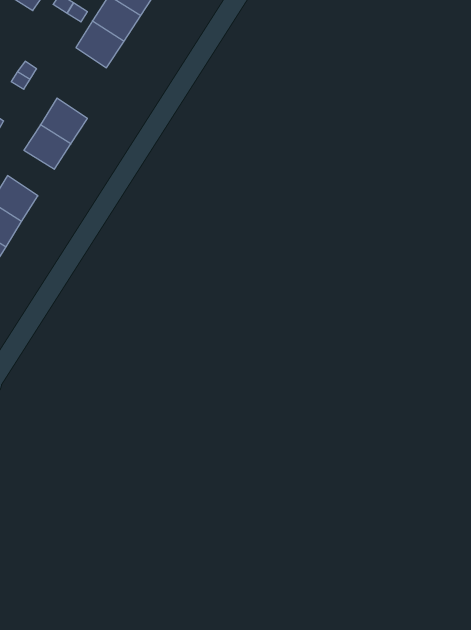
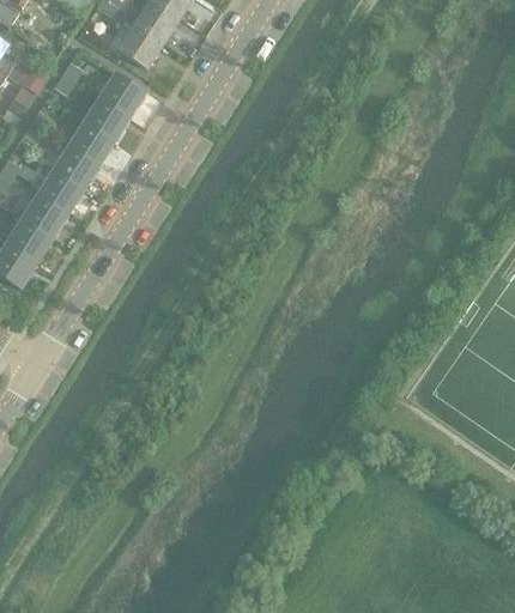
building: none -> [98,73,144,116]
building: none -> [51,146,96,189]

